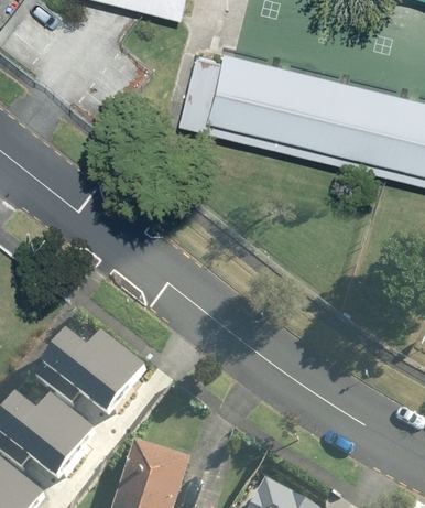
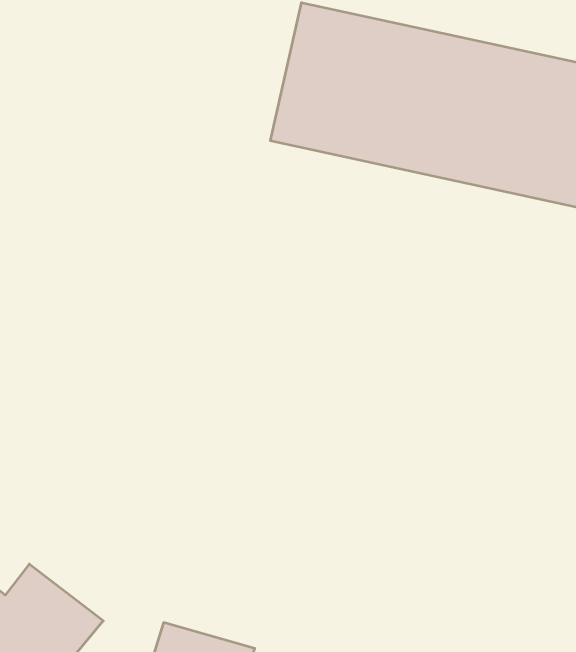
building: [34,342,139,432] -> none

